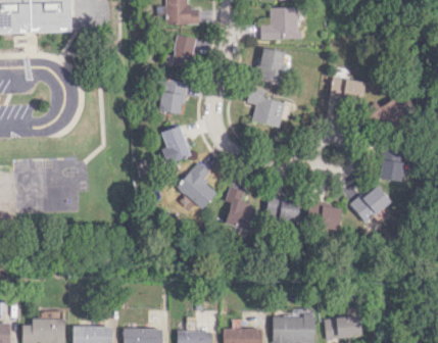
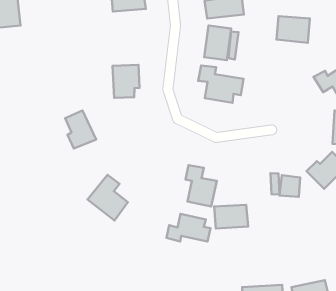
building: [173,35,196,68] -> none
building: [329,77,364,106] -> [276,16,310,43]
building: [162,126,192,163] -> [65,111,96,149]
building: [177,162,217,209] -> [87,175,128,220]
building: [267,199,300,223] -> [214,205,248,228]
building: none -> [166,214,211,242]

